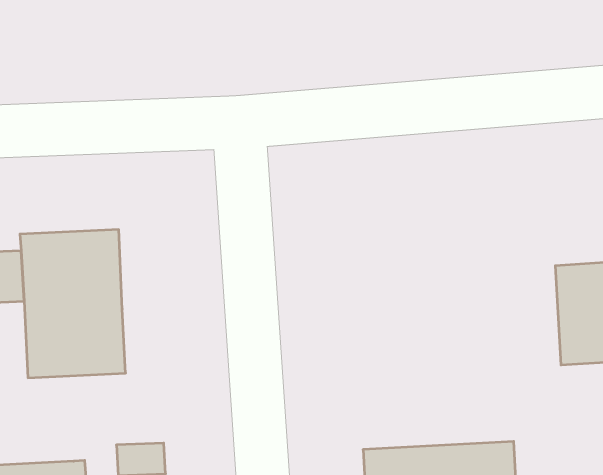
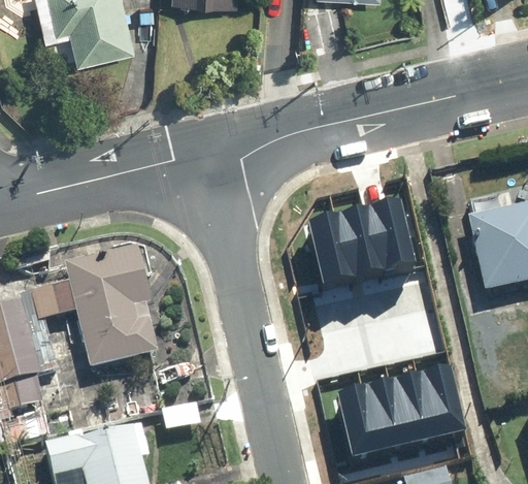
building: none -> [314,198,416,280]

